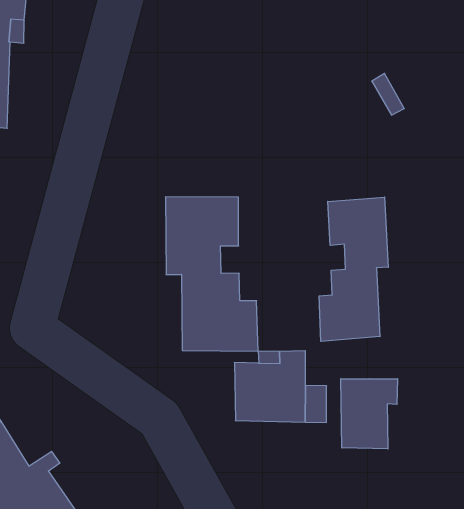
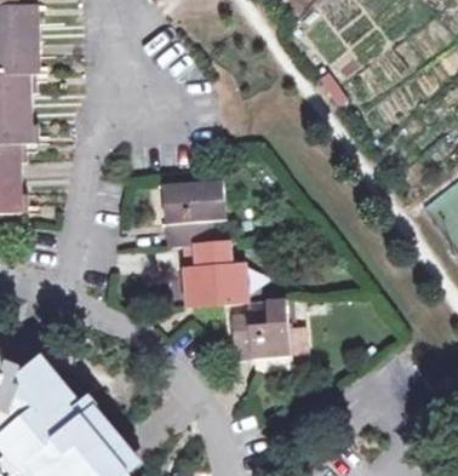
building: [319,197,388,341] -> none
building: [341,379,398,449] -> none

